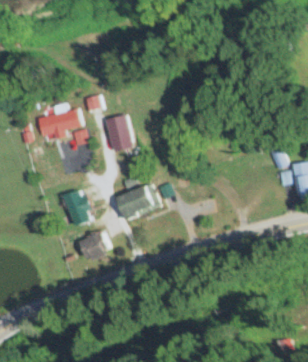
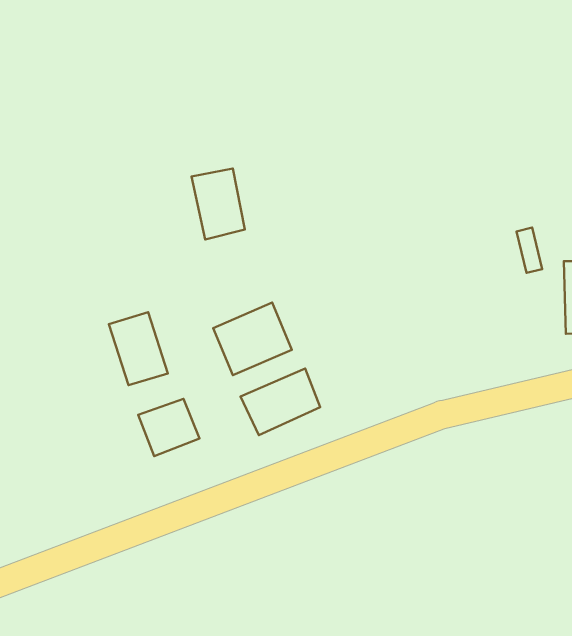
building: [41,104,82,136] -> none
building: none -> [241,368,320,435]

